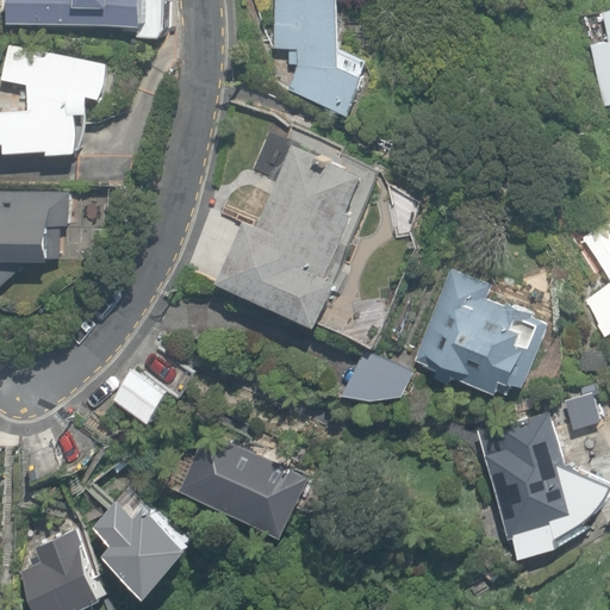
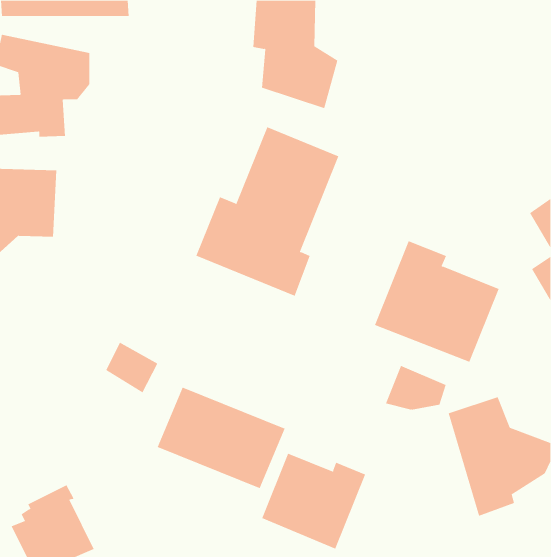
building: [346,355,412,404] -> [385,365,447,410]
building: none -> [261,453,366,549]
building: [89,500,194,596] -> none

